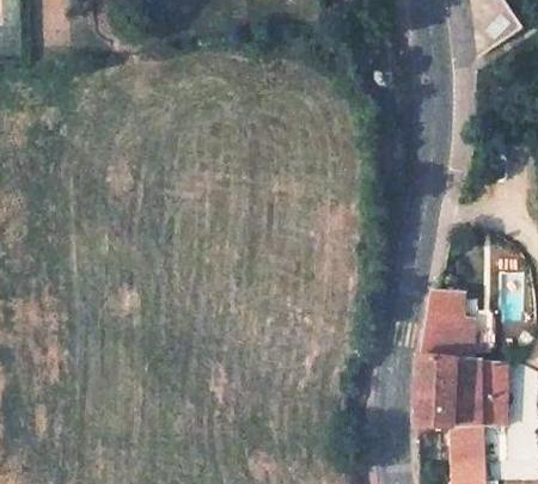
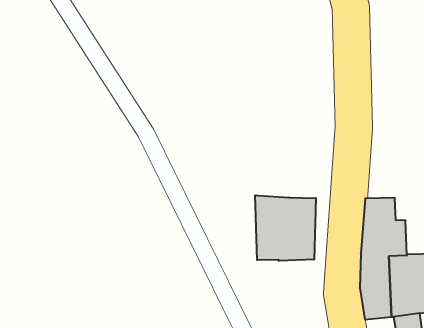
building: none -> [255,195,316,261]

